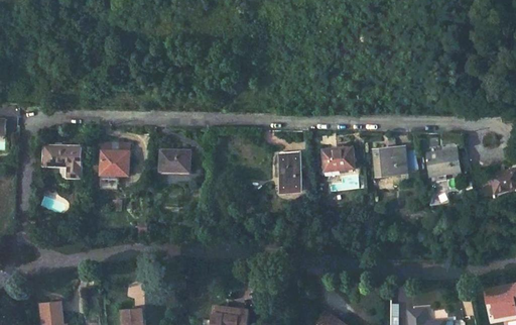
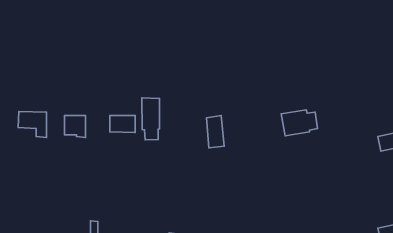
building: none -> [142,98,159,140]
building: [320,146,353,170] -> none
building: [425,149,461,176] -> none

